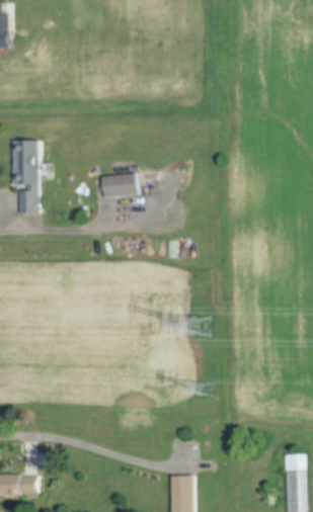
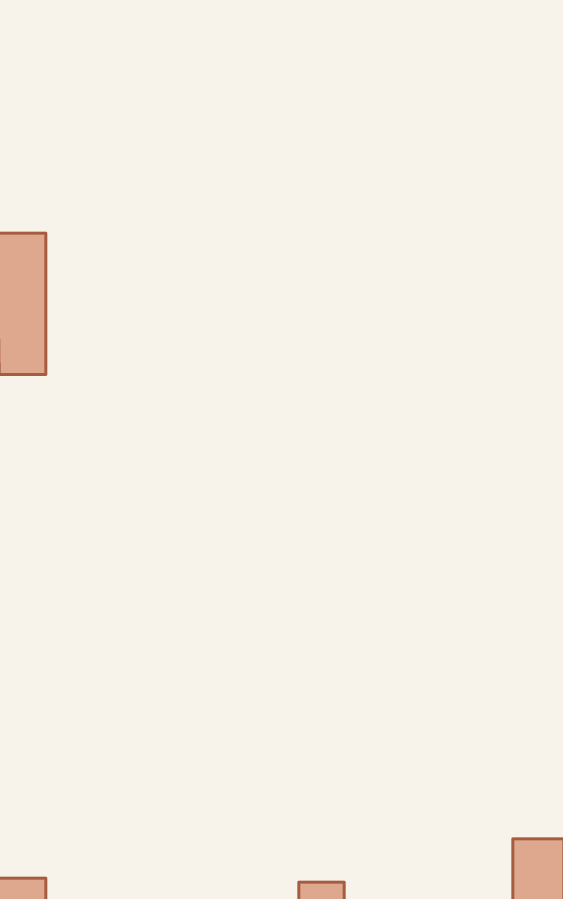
building: [100,173,139,197] -> none

